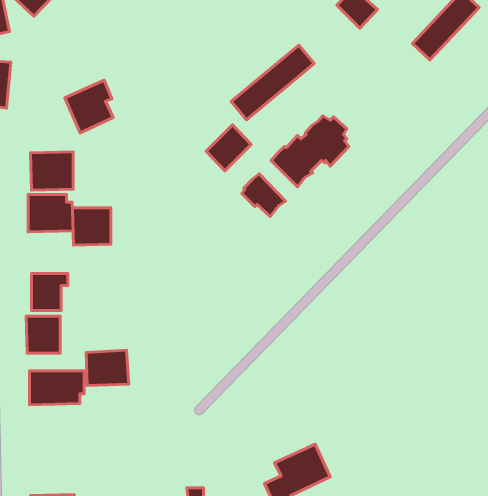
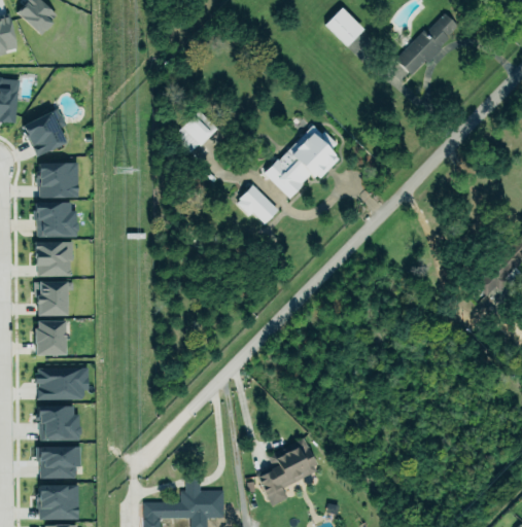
building: [231,45,314,120] -> none
building: [65,80,113,133] -> [23,109,68,159]
building: [206,125,251,171] -> [175,111,217,154]
building: [72,208,111,245] -> [36,243,72,278]
building: [86,350,129,385] -> [37,405,77,437]
building: none -> [36,444,80,478]

